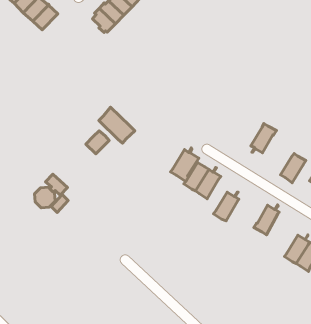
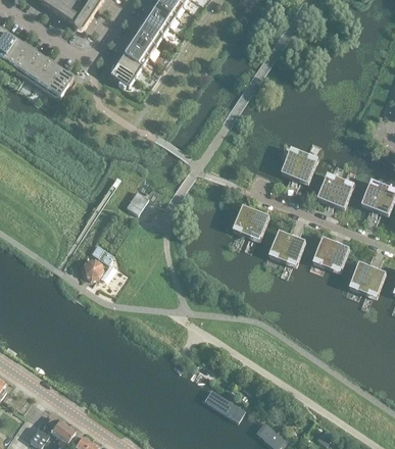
building: [99,107,135,143] -> none
building: none -> [280,148,303,182]
building: none -> [316,173,340,207]
building: [170,148,199,181] -> none
building: none -> [282,233,304,266]
building: none -> [326,239,348,272]

